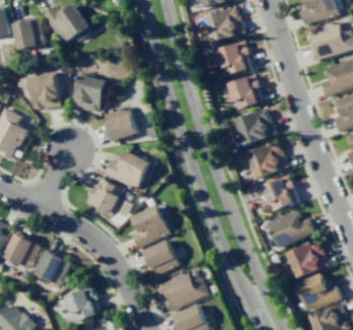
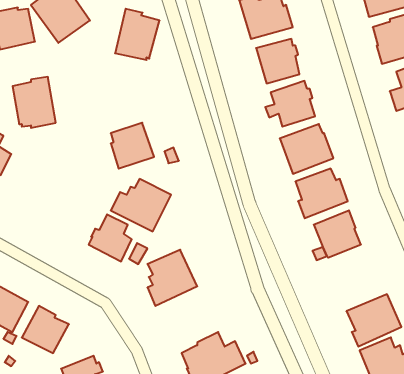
building: [72,72,107,112] -> [115,9,160,60]
building: [266,211,313,249] -> none
building: [141,240,179,276] -> none

